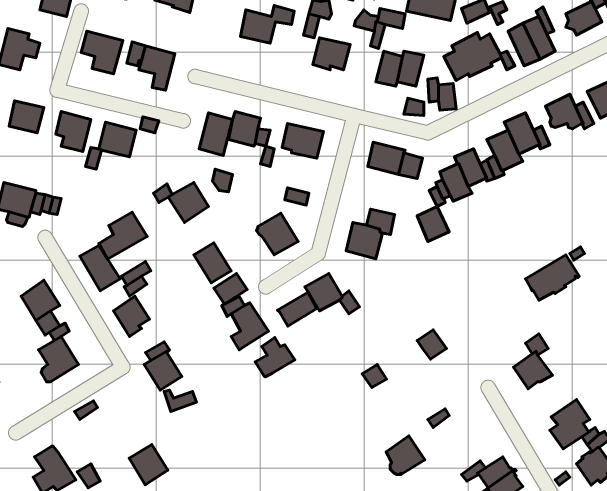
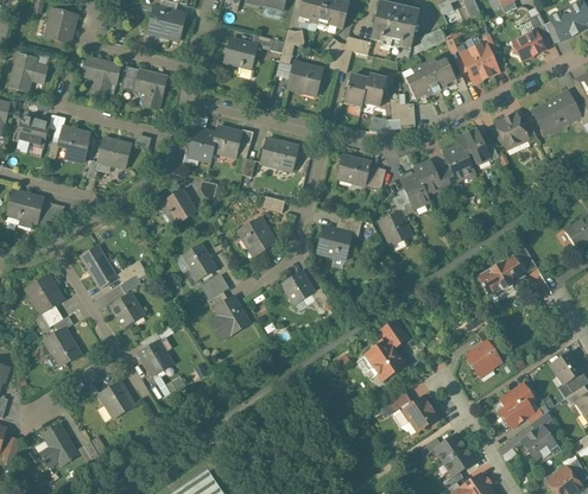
building: [99,212,147,259] -> none
building: [278,292,317,326] -> none
building: [255,338,295,377] -> none
building: none -> [365,337,403,378]
building: [386,436,425,475] -> [403,395,437,430]
building: [129,445,168,485] -> [100,381,134,417]

